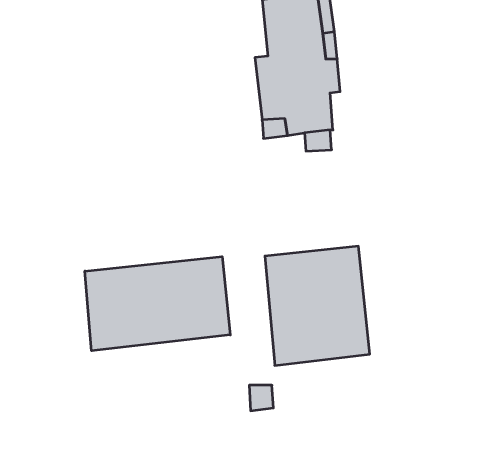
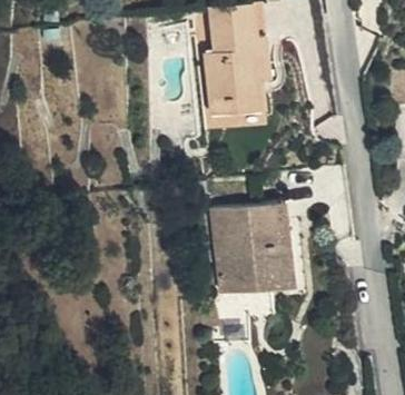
building: [85,257,230,351] -> none

